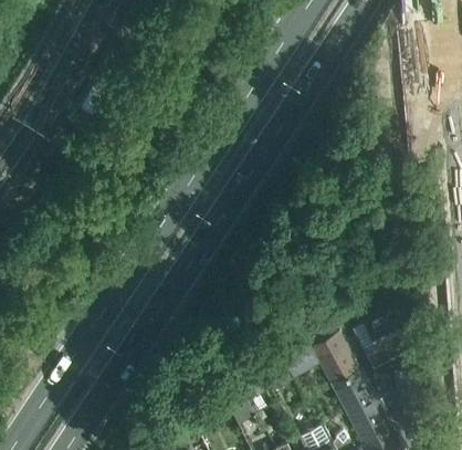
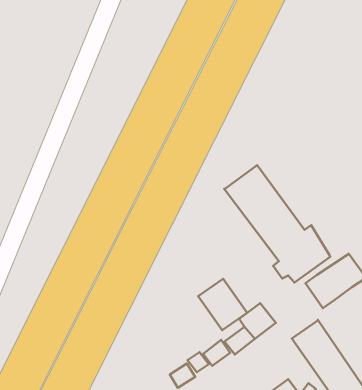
building: none -> [224,165,330,282]
building: [312,332,359,384] -> [198,279,247,330]

